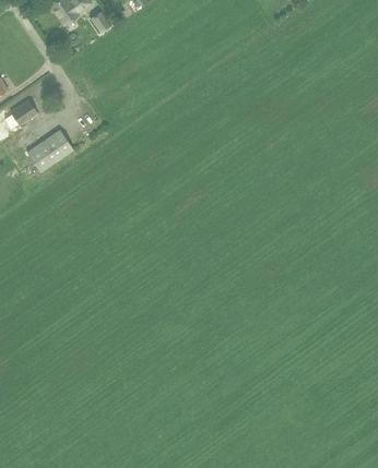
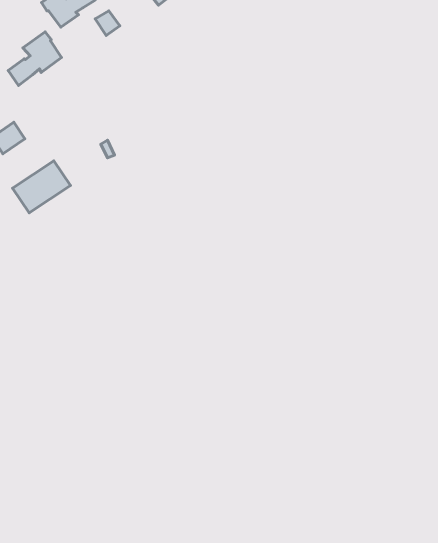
building: none -> [8,32,62,85]

